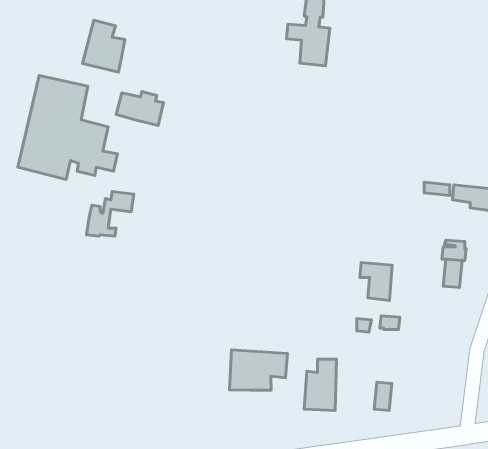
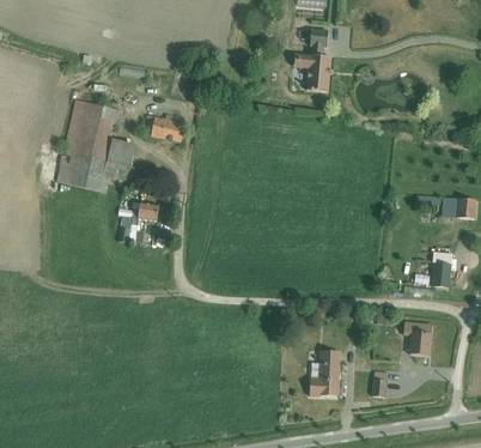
building: [82,20,125,72] -> none
building: [360,263,392,300] -> [403,322,432,356]
building: [230,350,287,390] -> none

